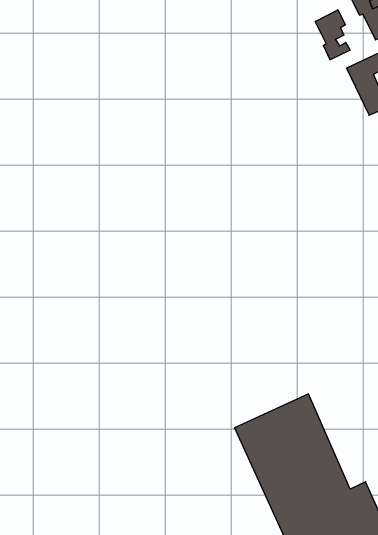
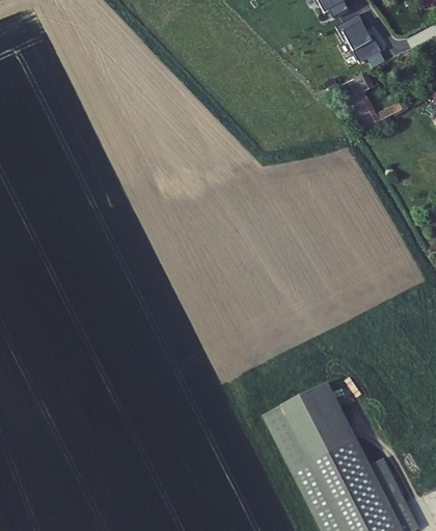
building: [315,10,350,60] -> none

